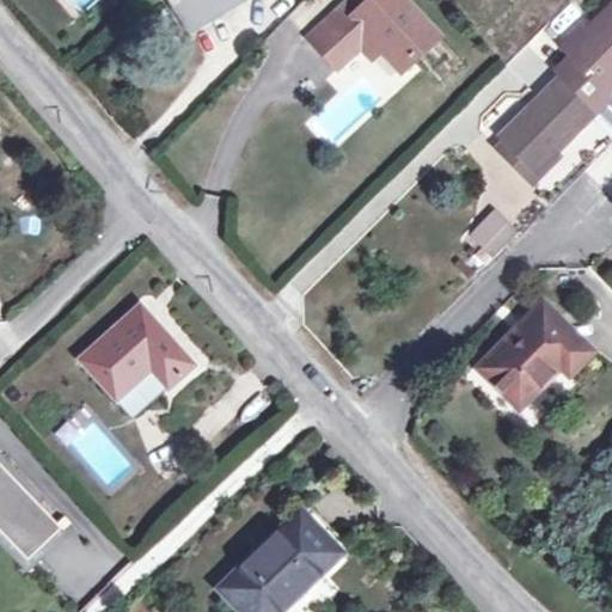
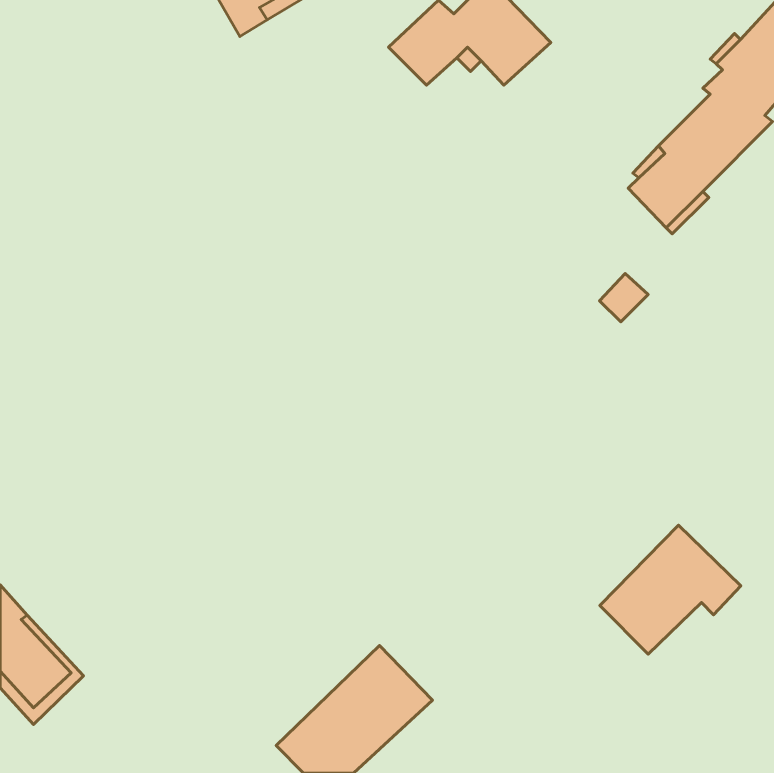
building: [478,302,589,404] -> [600,525,741,654]
building: [80,306,194,416] -> none

